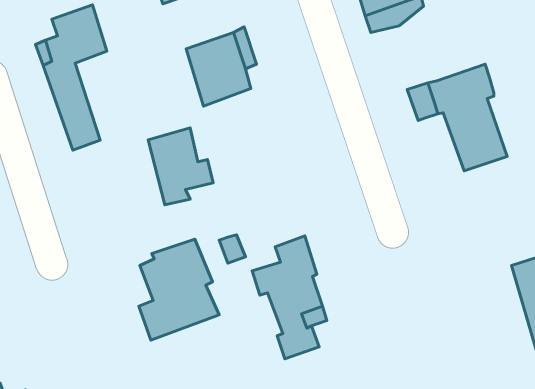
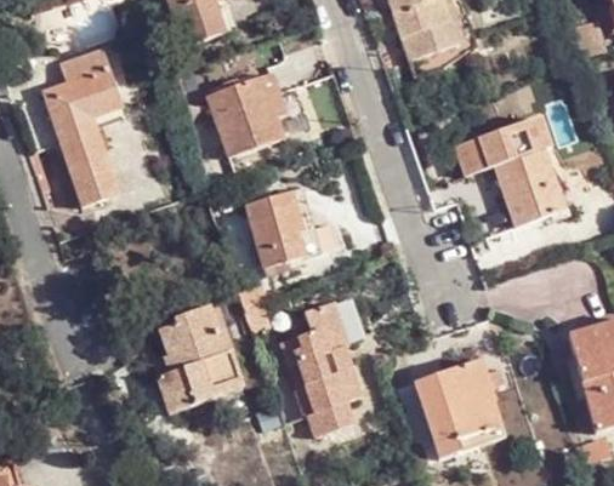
building: [148,128,213,205] -> [245,194,317,279]
building: none -> [409,364,500,459]

